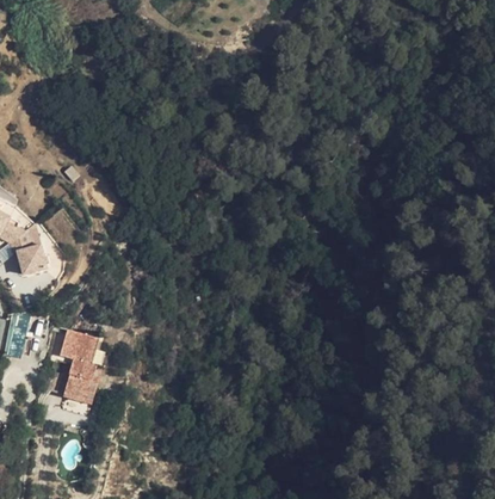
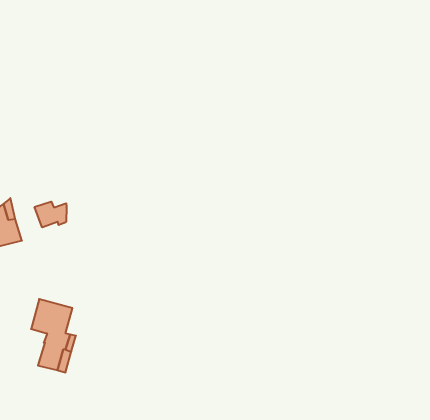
building: none -> [35,202,66,227]

